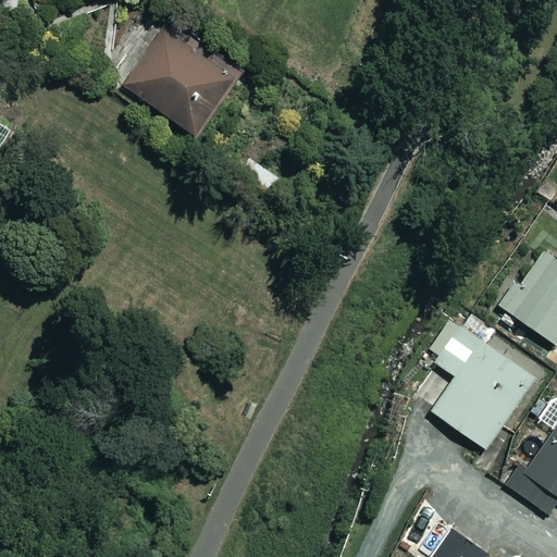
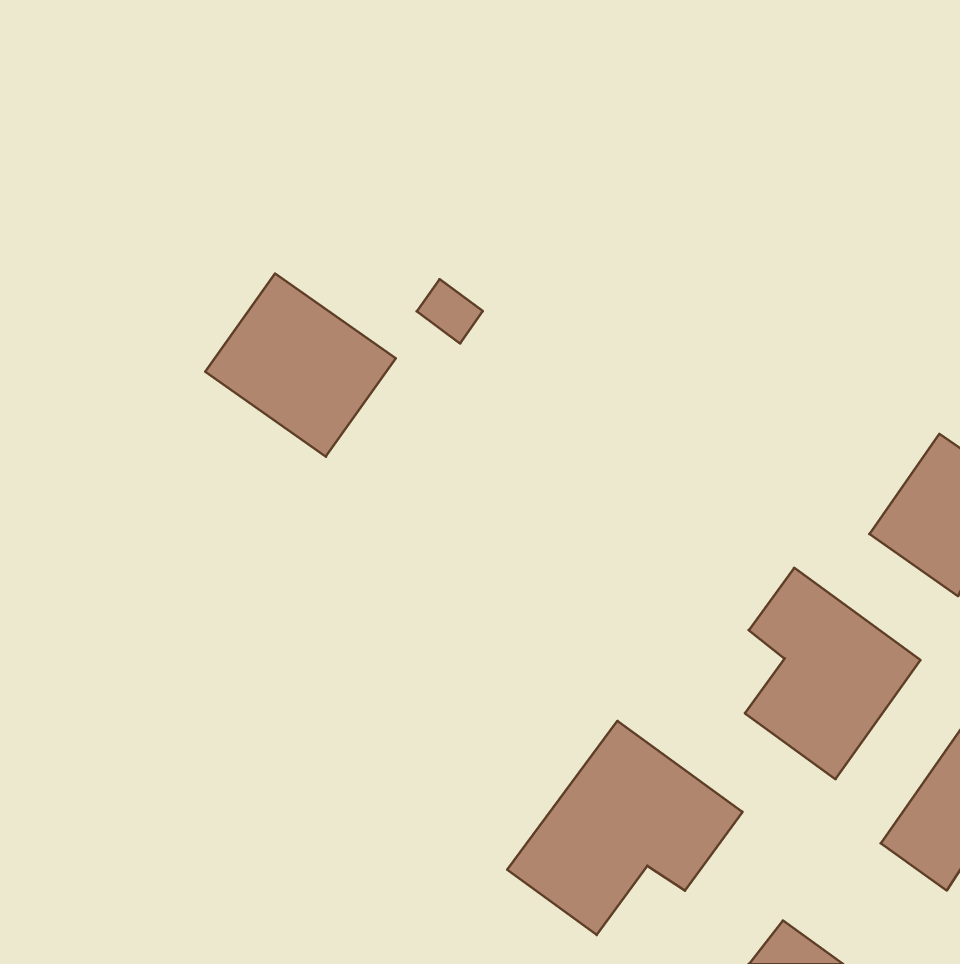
building: [126,29,236,135] -> [205,274,396,457]
building: none -> [507,721,742,935]

